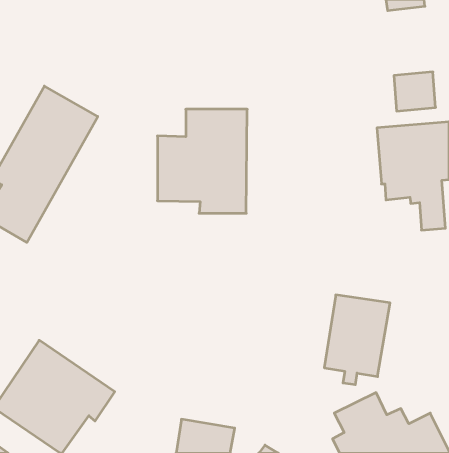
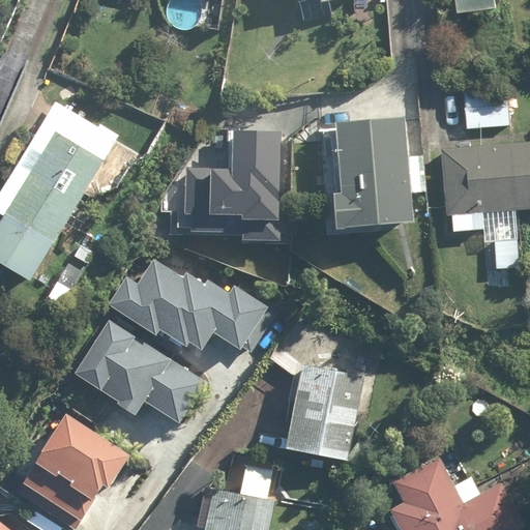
building: none -> [331,117,414,230]
building: none -> [109,260,266,350]
building: none -> [71,318,205,424]
building: [324,295,390,385] -> [286,364,362,469]

